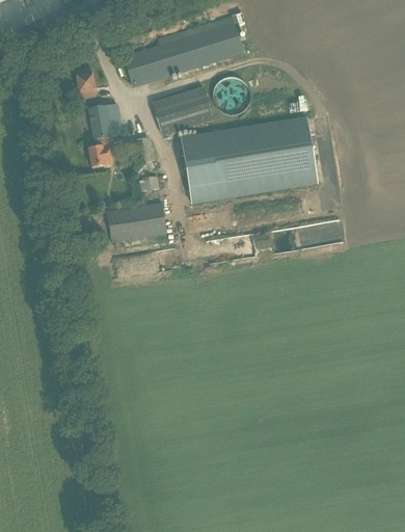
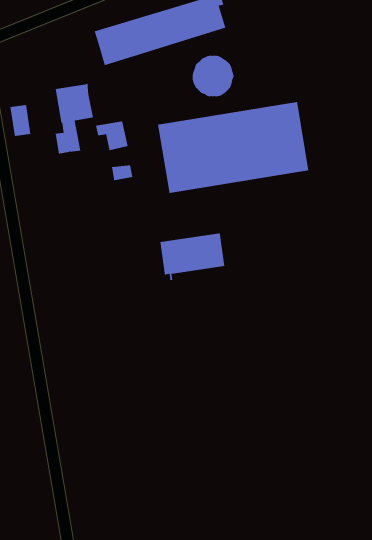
building: [76,69,96,98] -> [9,104,31,137]
building: [151,86,213,136] -> none
building: [107,203,166,246] -> [159,233,225,281]

